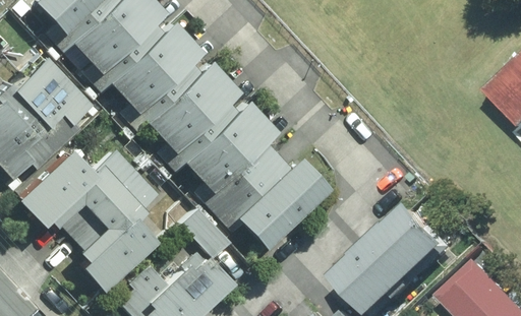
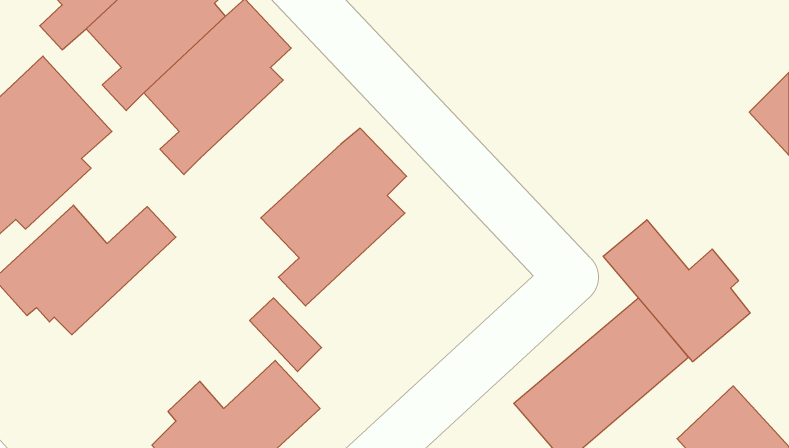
building: [144,56,240,167] -> none
building: [212,152,328,243] -> none
building: none -> [603,220,750,362]
building: [63,168,152,285] -> none

